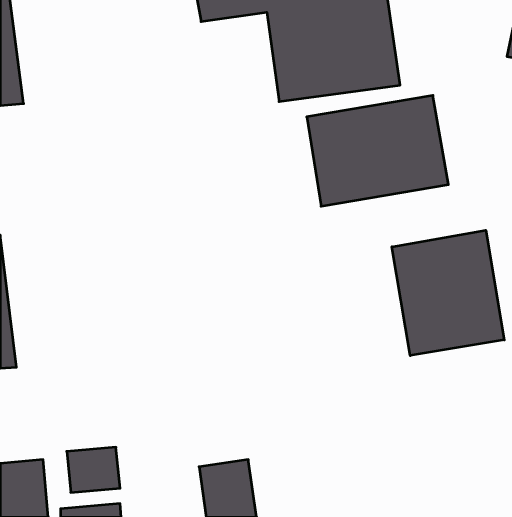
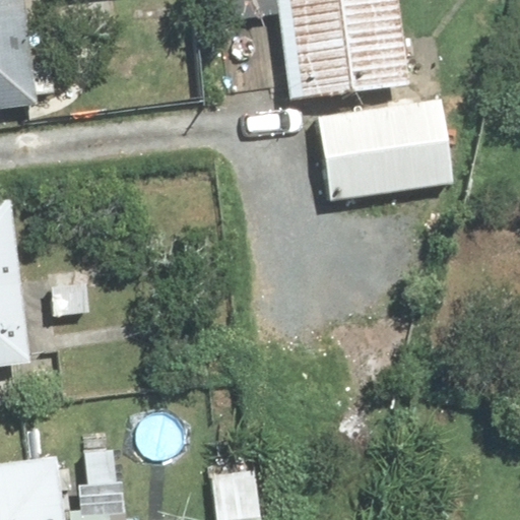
building: [392,230,504,356] -> none

